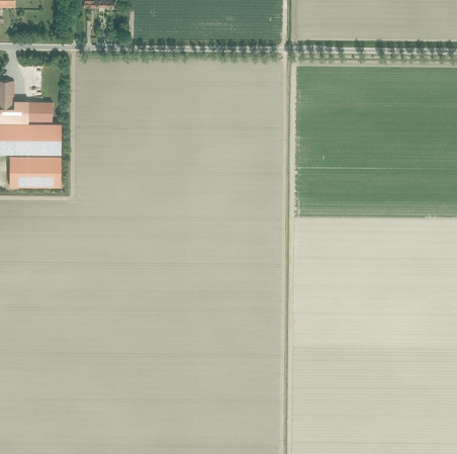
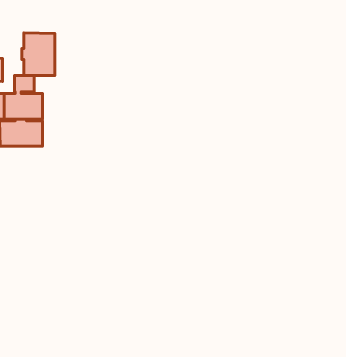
building: none -> [22,33,55,75]

